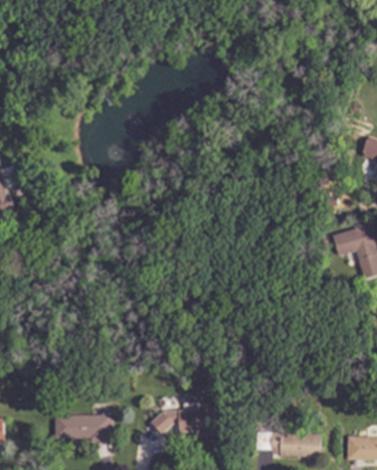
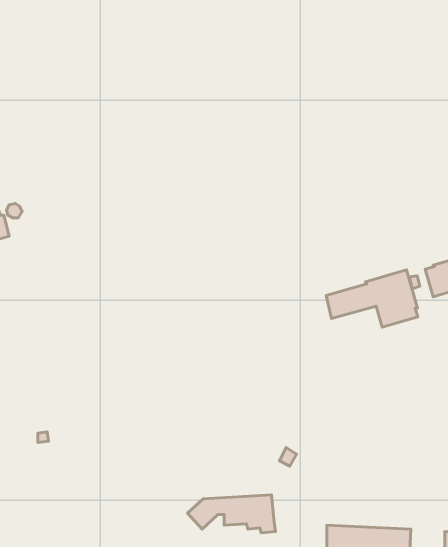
building: none -> [326,270,418,327]
building: [54,413,111,442] -> none

